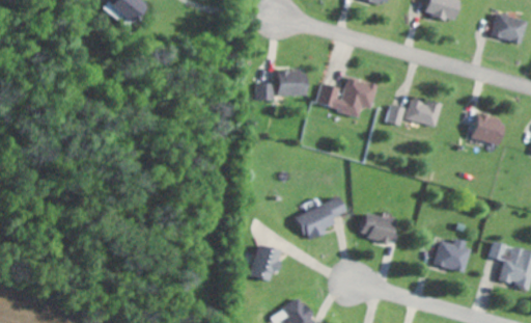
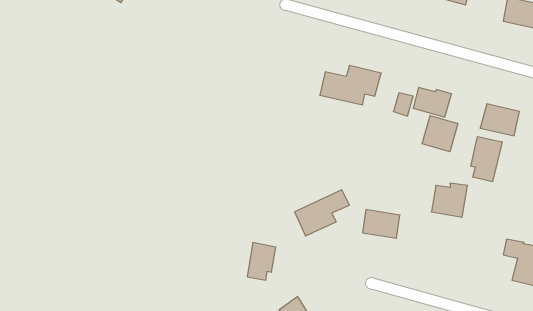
building: [259,71,307,100] -> none
building: none -> [422,115,458,152]
building: none -> [471,137,502,182]
building: [436,239,470,271] -> [431,183,468,217]

